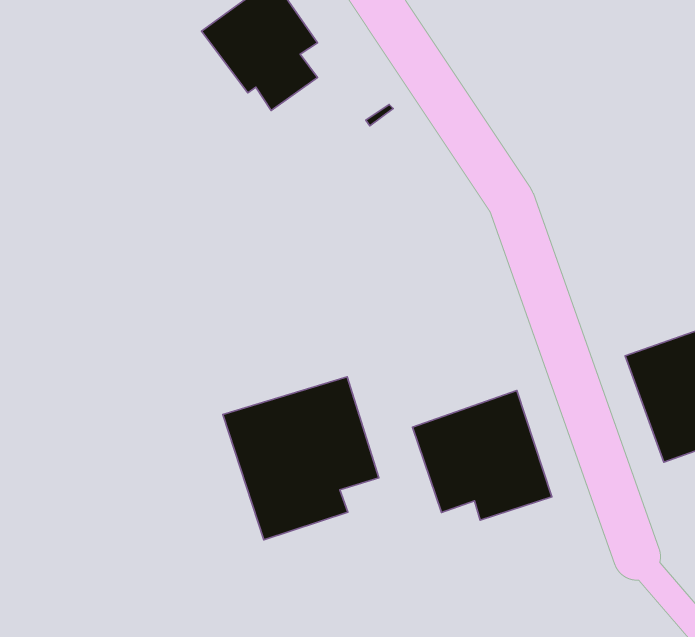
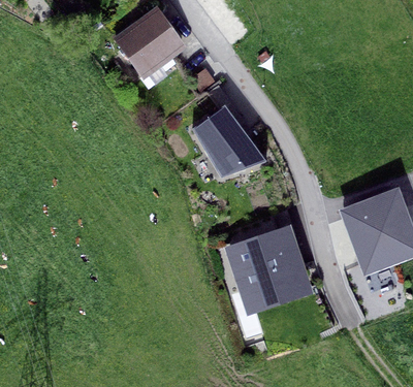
building: none -> [192,104,266,176]
building: [223,377,379,540] -> none

